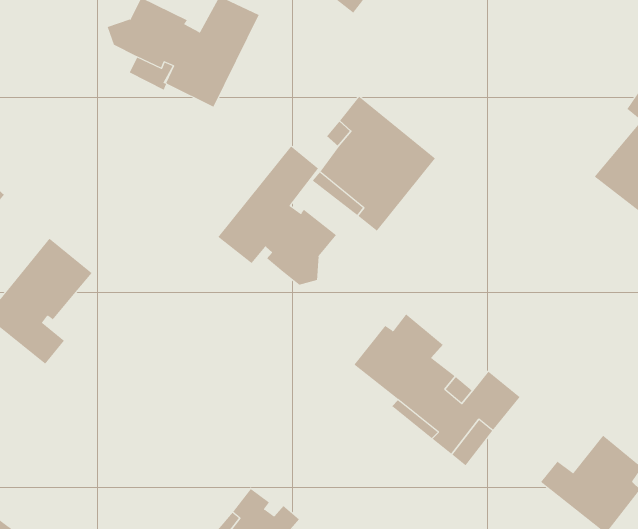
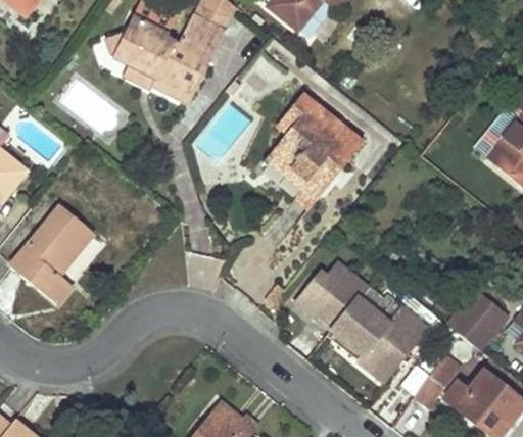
building: [217,145,337,286] -> none
building: none -> [451,291,506,344]
building: none -> [415,353,461,406]

